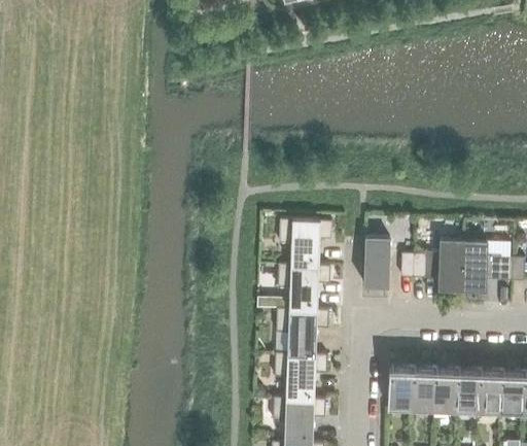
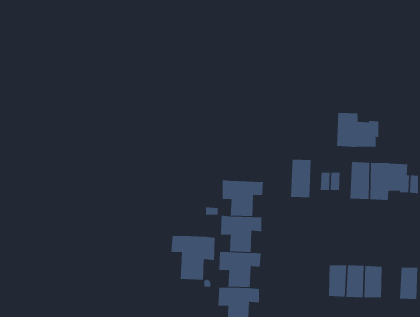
building: none -> [336,112,379,148]
building: [279,220,331,267] -> none
building: none -> [171,235,215,281]
building: [388,370,412,410] -> none
building: [478,373,501,413] -> none

